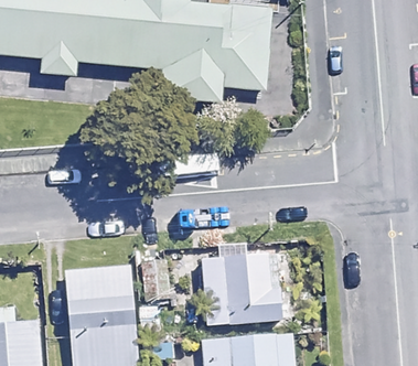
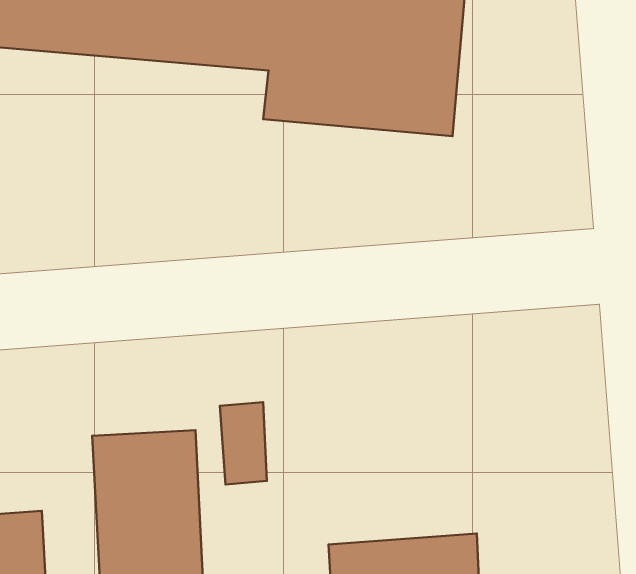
building: [202,257,277,322] -> none

